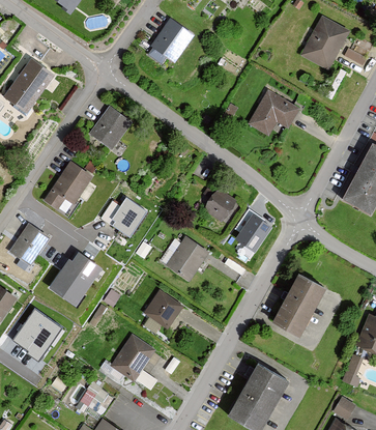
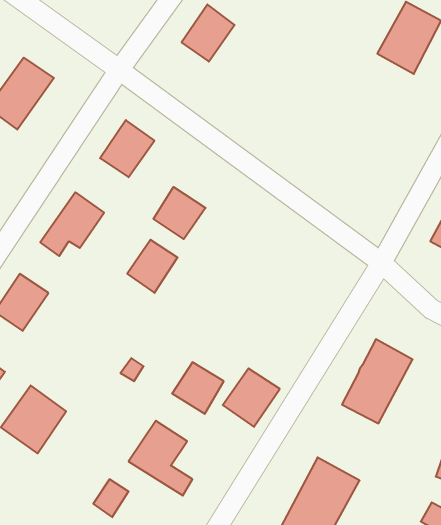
building: [250,90,299,136] -> none
building: none -> [153,187,206,239]
building: [203,189,236,222] -> none
building: [236,214,273,254] -> none
building: [166,237,209,282] -> [223,368,280,427]
building: [51,248,104,303] -> none

